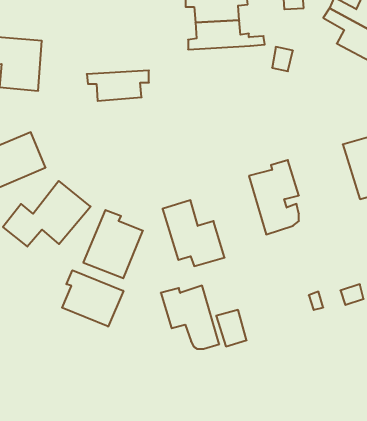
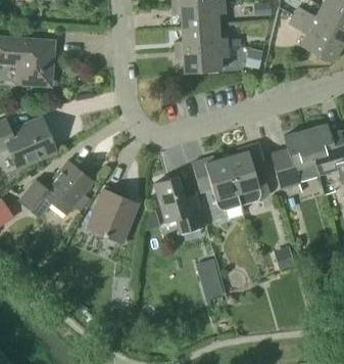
building: [87,70,149,101] -> [176,47,228,73]
building: none -> [271,130,320,189]
building: [62,270,123,327] -> none
building: [161,286,219,349] -> [192,156,241,210]

